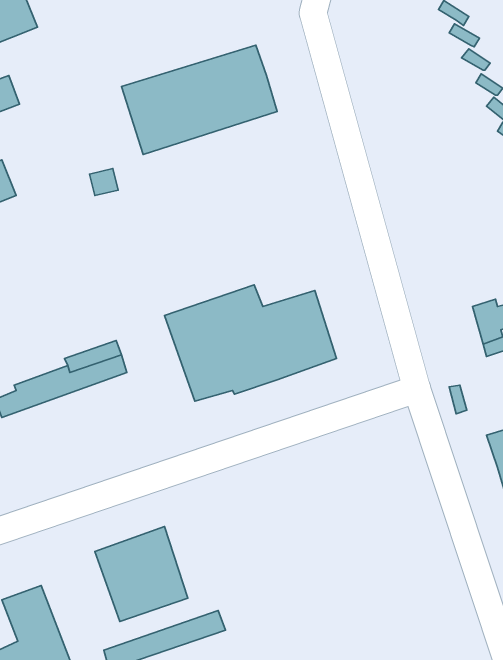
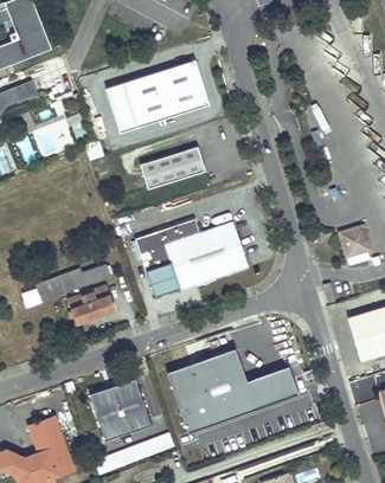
building: none -> [140,146,205,188]
building: none -> [69,284,114,322]
building: none -> [167,350,299,434]

